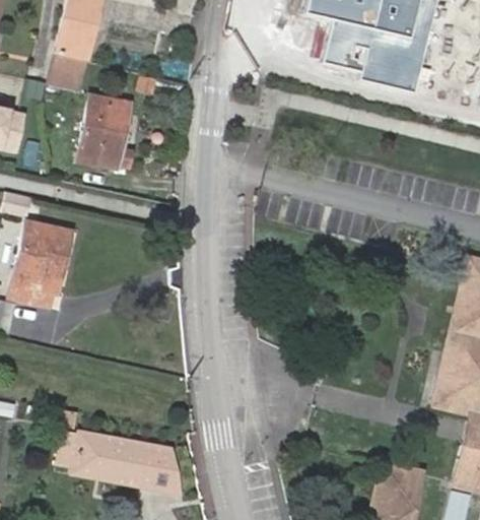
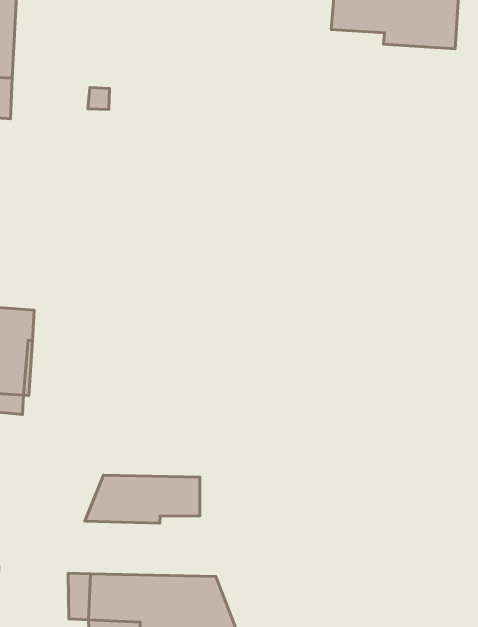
building: [78,94,129,168] -> none
building: none -> [85,475,200,523]

